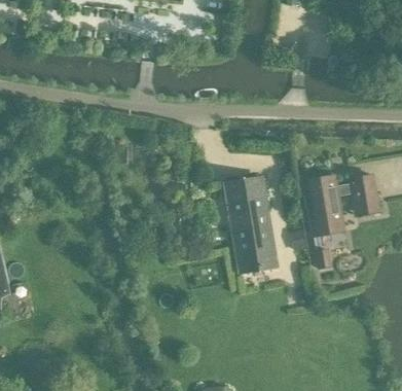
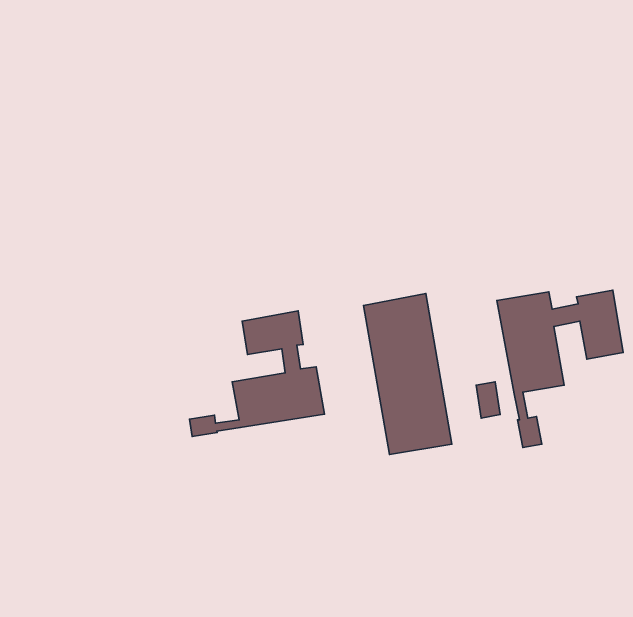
building: none -> [189,311,325,437]

